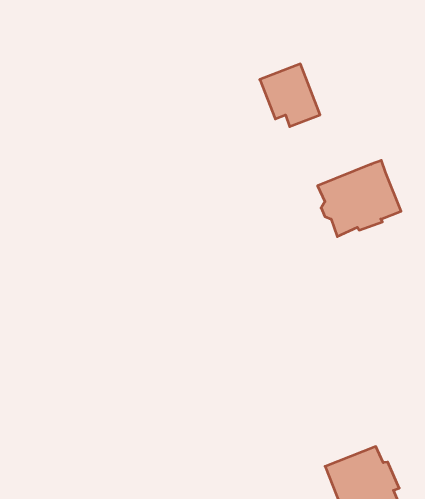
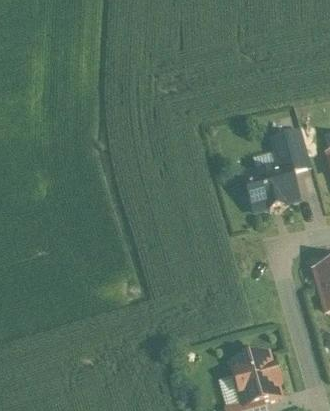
building: [260,64,320,127] -> [272,127,310,168]

